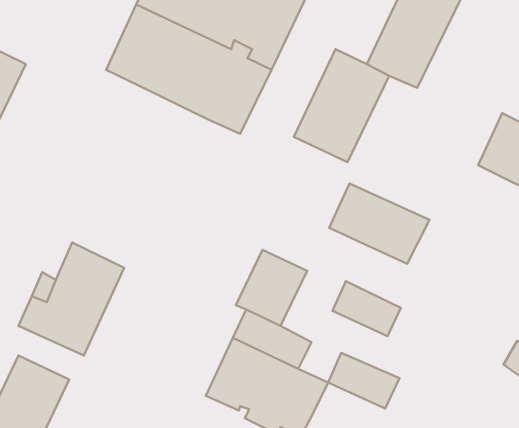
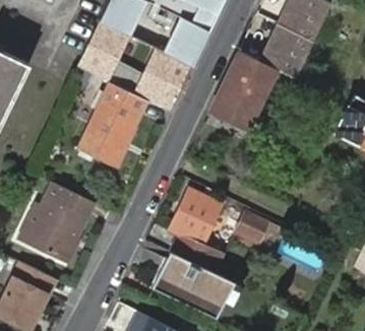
building: none -> [77,80,149,165]
building: [329,184,430,264] -> none
building: [328,353,399,409] -> none

